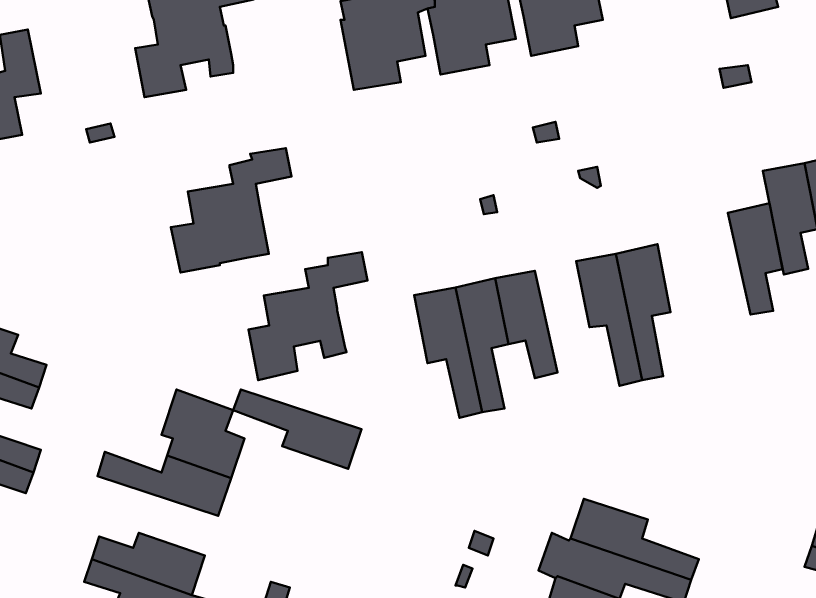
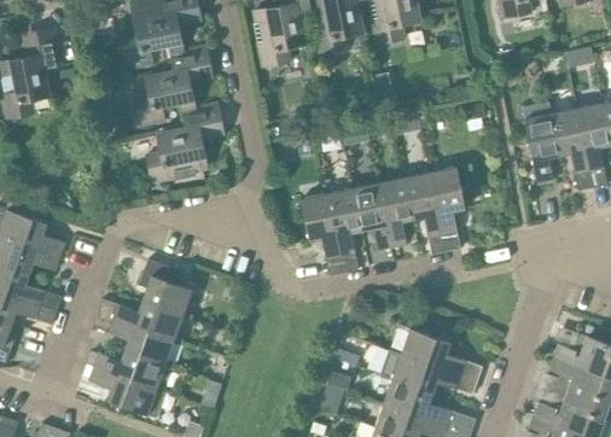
building: [728,203,783,315] -> [378,176,413,247]
building: [249,252,367,380] -> [134,47,210,129]
building: [233,389,361,469] -> [93,314,175,365]

